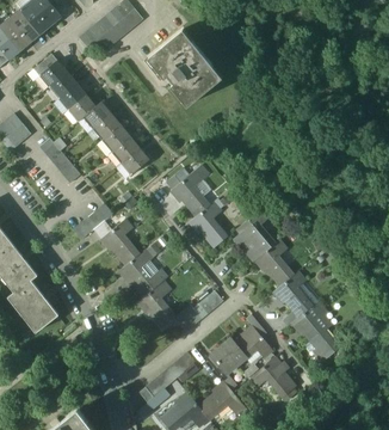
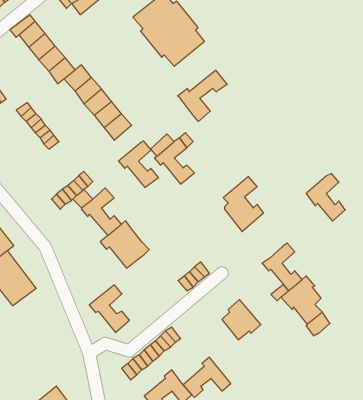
building: none -> [178,70,227,121]
building: [189,203,227,247] -> [118,141,159,187]
building: [255,241,292,287] -> [306,173,345,221]
building: [137,283,175,328] -> [89,285,129,333]
building: [211,339,246,374] -> none
building: [251,357,296,398] -> none

